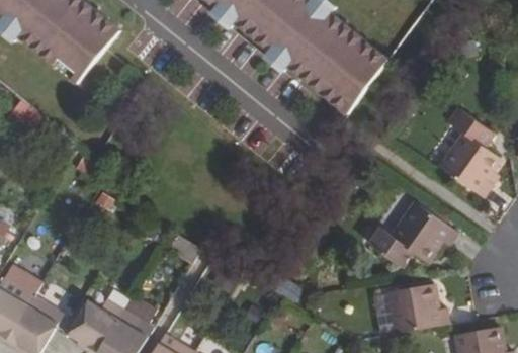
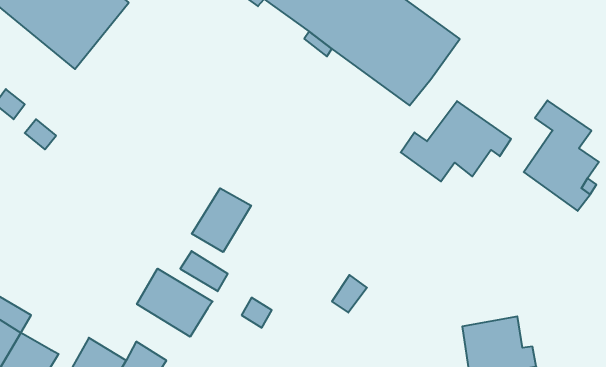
building: none -> [192,188,251,252]
building: [369,200,458,265] -> [401,101,511,181]
building: none -> [137,269,213,337]

